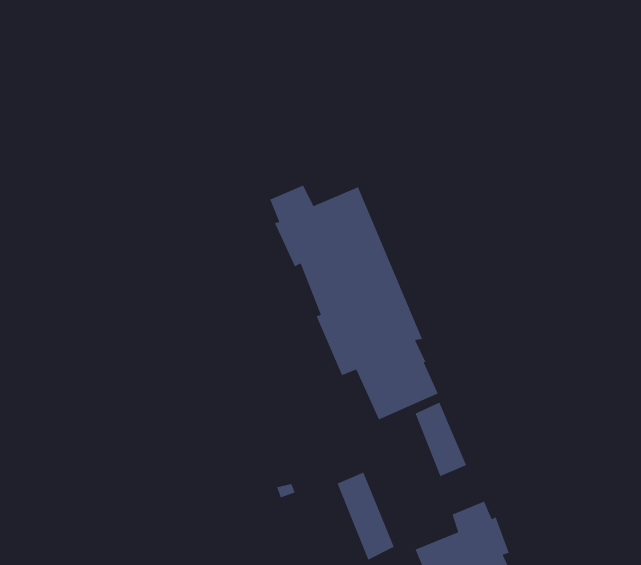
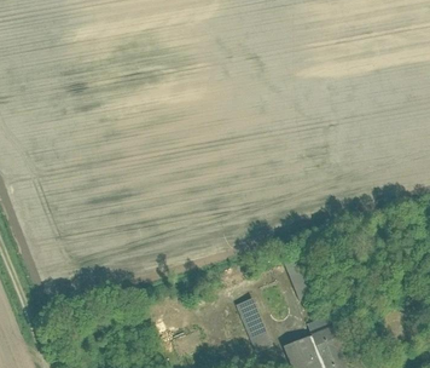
building: [269,184,439,420] -> none

